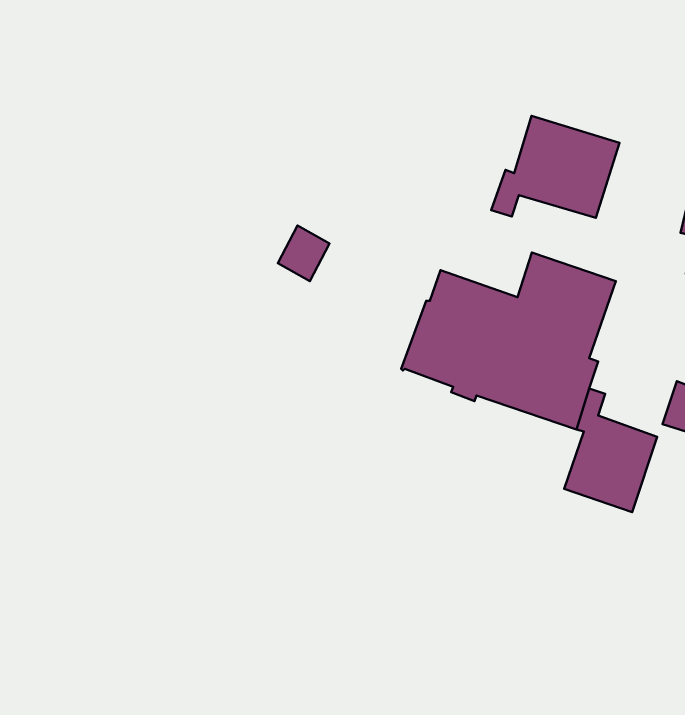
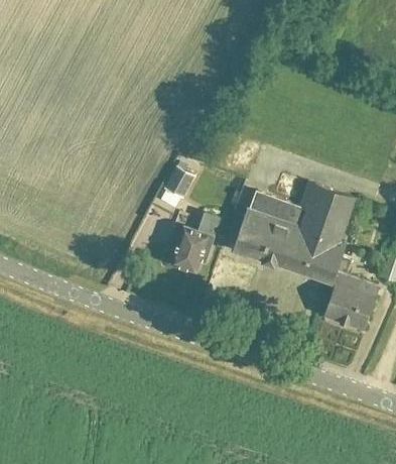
building: [491,116,619,218] -> none
building: none -> [170,213,218,271]

